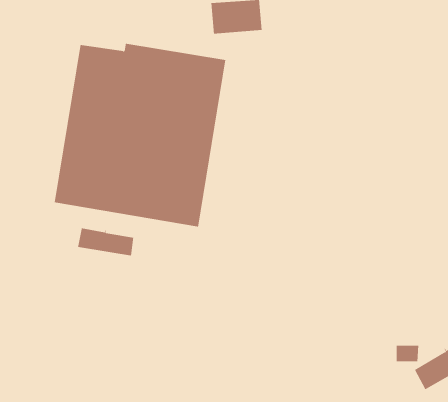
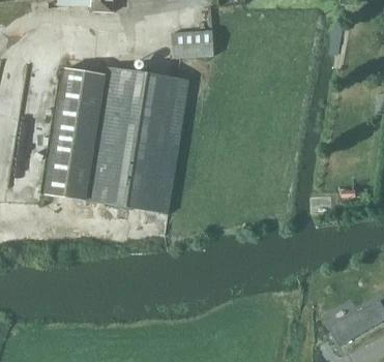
building: [77,227,134,257] -> none

